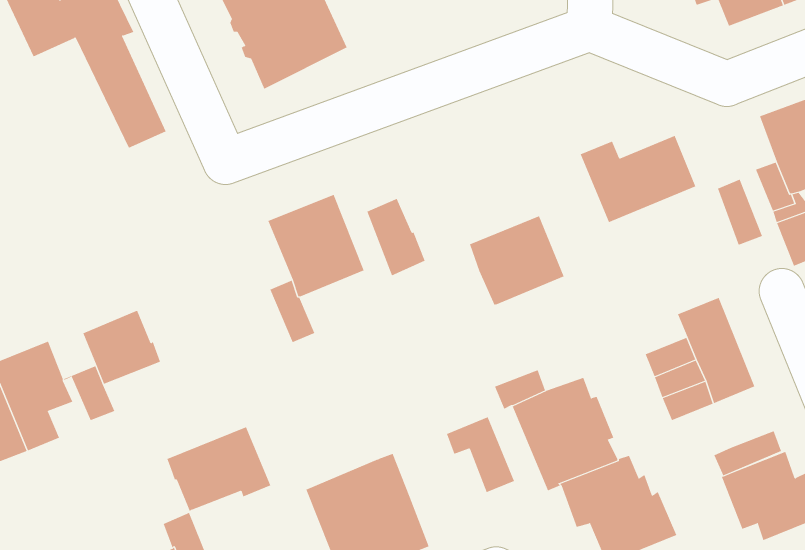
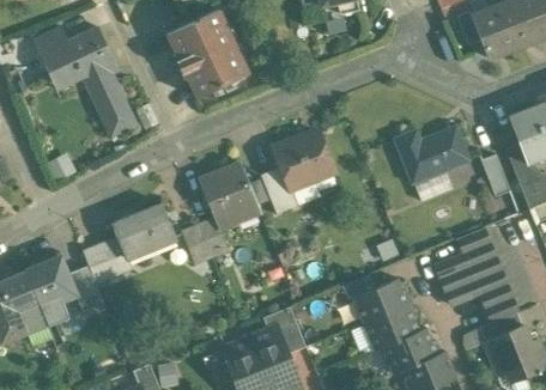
building: [469,216,564,305] -> [274,132,334,188]
building: none -> [182,224,214,264]
building: none -> [479,285,517,323]
building: [446,417,515,493] -> [263,306,307,354]
building: [166,427,271,512] -> [111,203,177,257]

